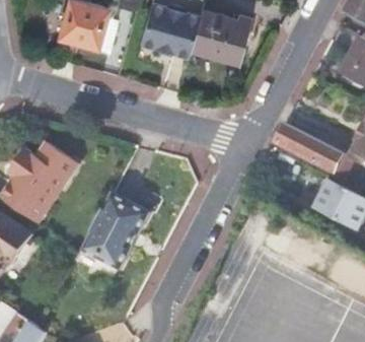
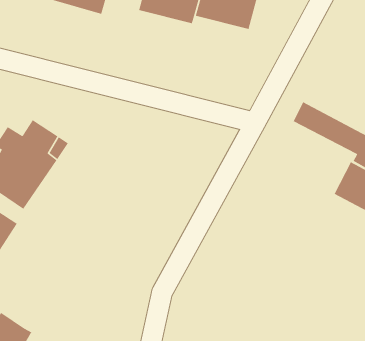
building: [80,194,149,271] -> none

